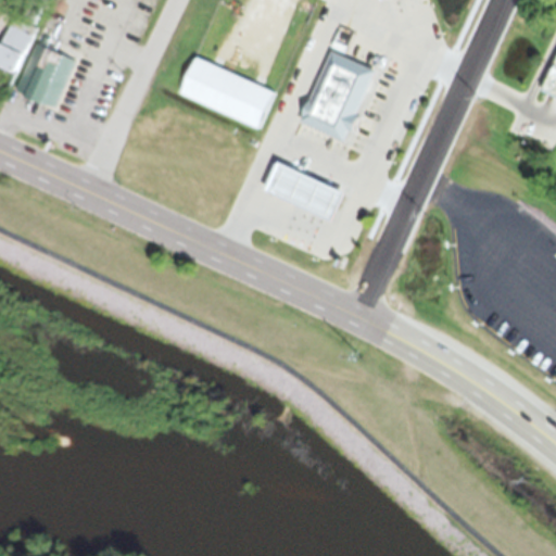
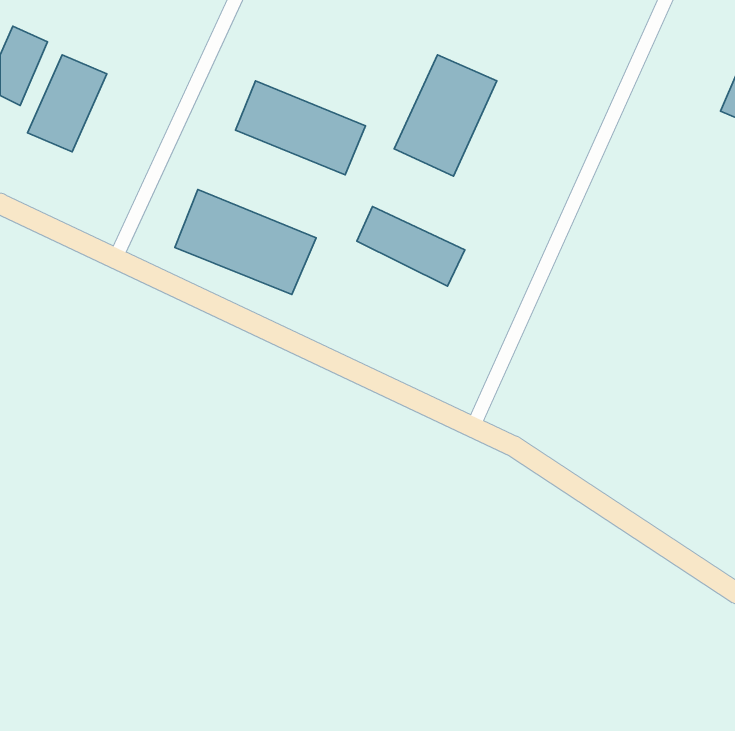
building: none -> [175,190,316,295]

